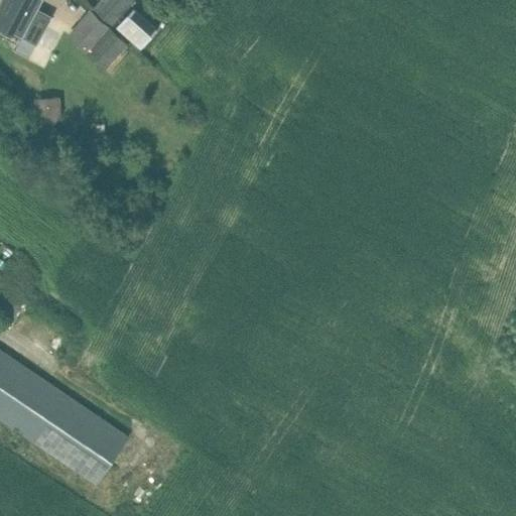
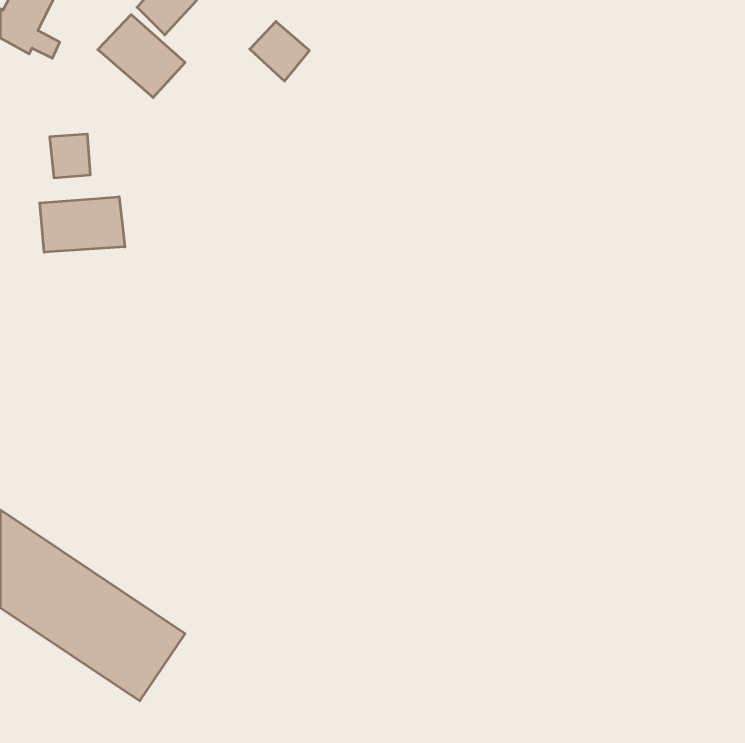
building: [116,6,157,47] -> [250,21,309,81]
building: none -> [40,197,125,252]

